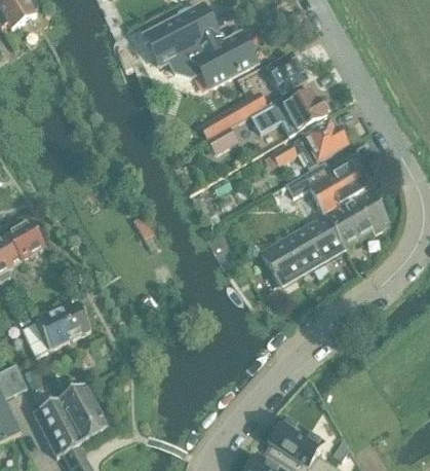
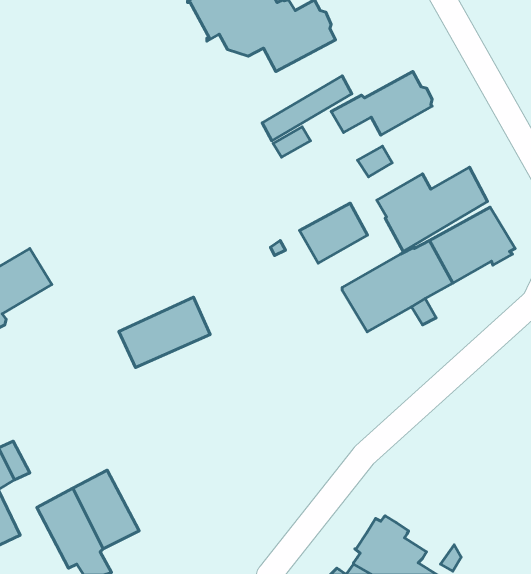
building: [267,53,306,93] -> none
building: [291,118,346,167] -> none
building: none -> [300,203,368,263]
building: [23,302,90,355] -> [119,297,210,368]

